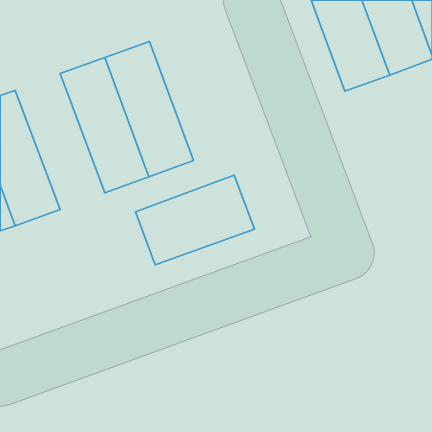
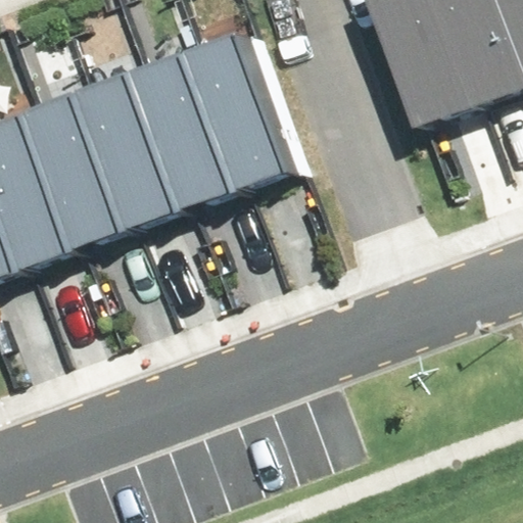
building: none -> [181,30,288,194]
building: none -> [18,89,127,253]
building: [135,175,255,265] -> none

